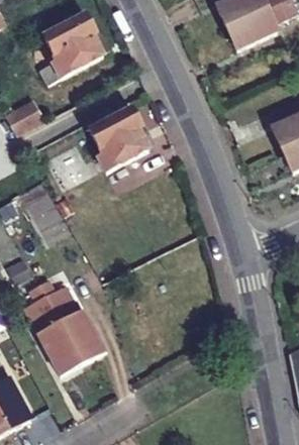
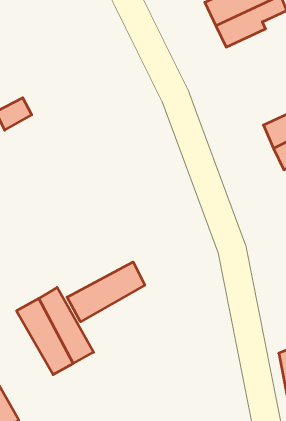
building: [42,15,99,76] -> none
building: [92,108,148,171] -> none
building: none -> [67,262,145,322]

